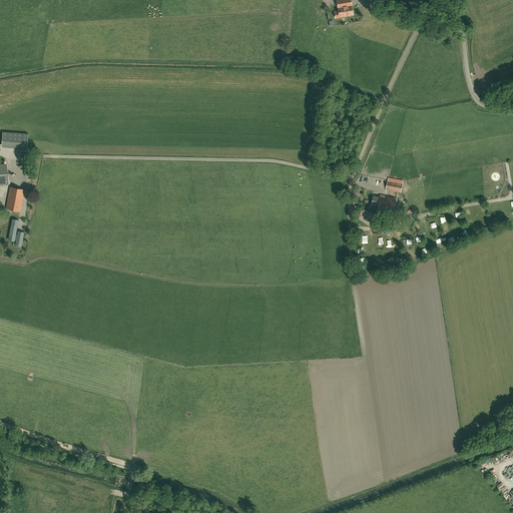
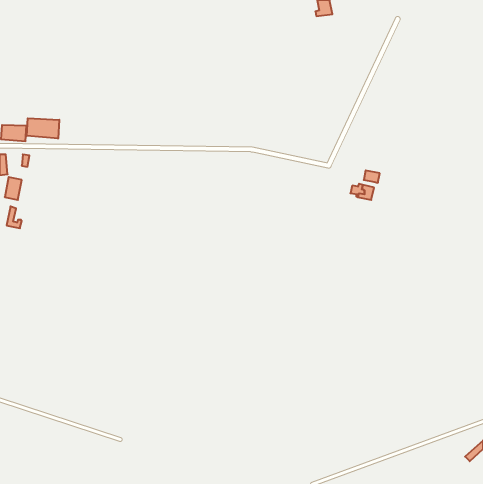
building: none -> [27,118,59,139]

